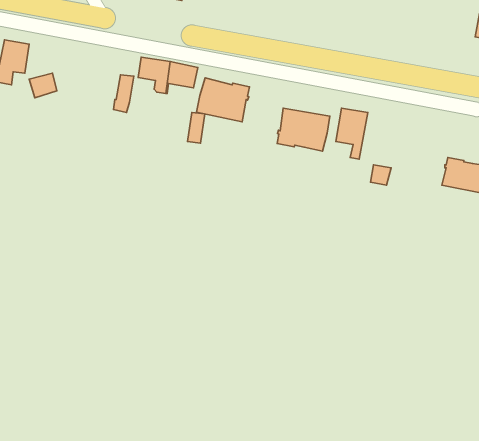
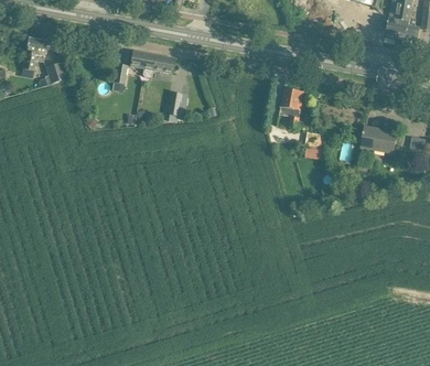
building: [197,78,249,122] -> none
building: [277,108,330,151] -> none

